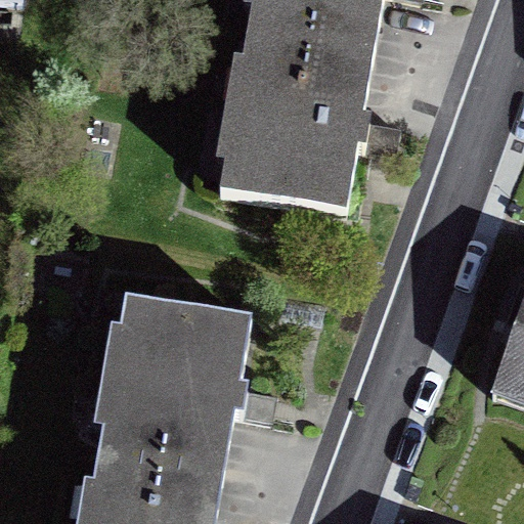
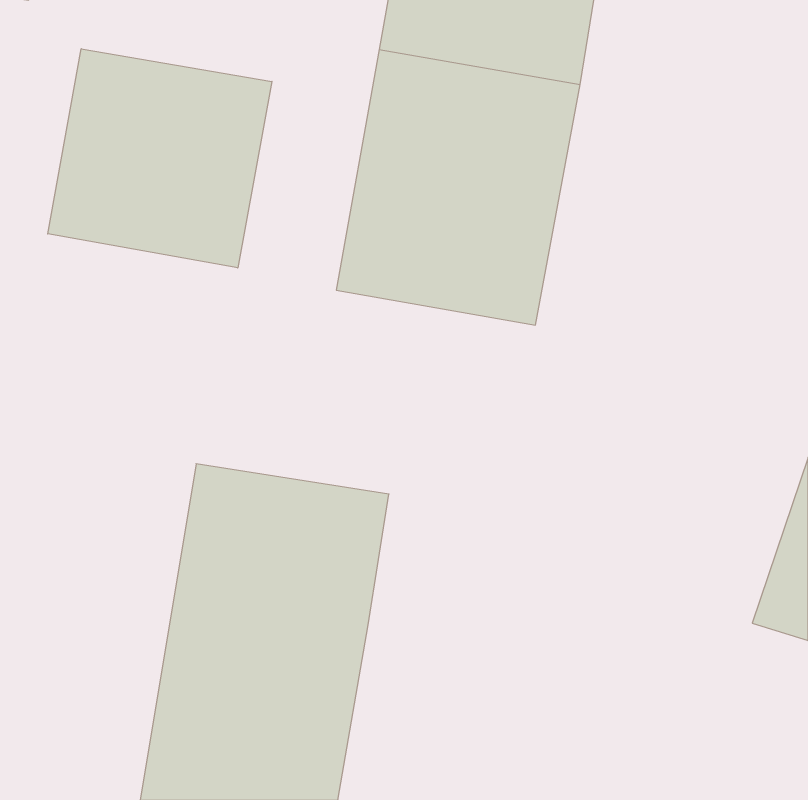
building: none -> [48,49,272,268]

